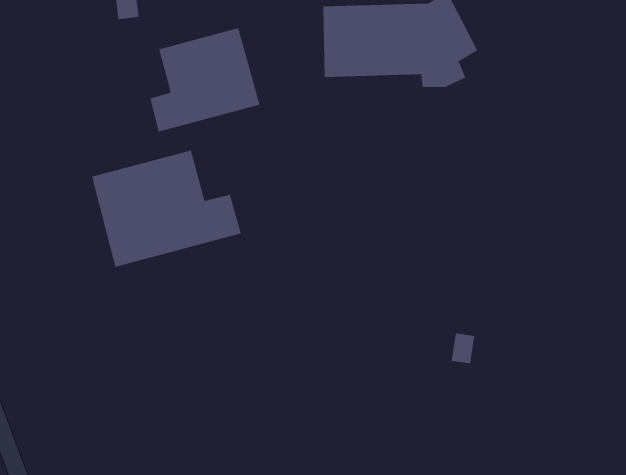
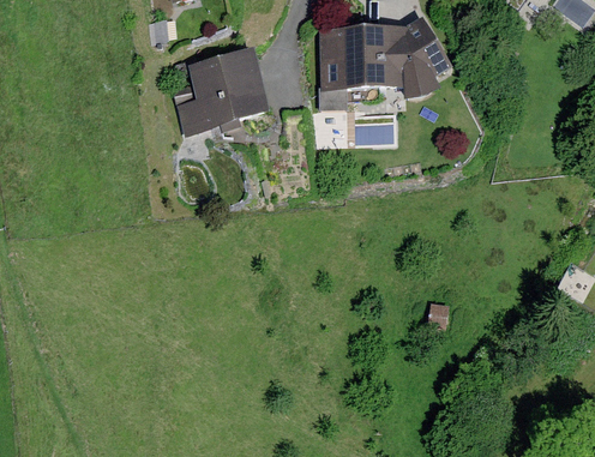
building: [91,149,242,268] -> none

